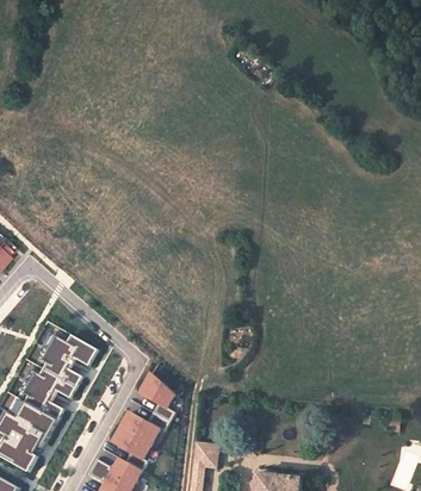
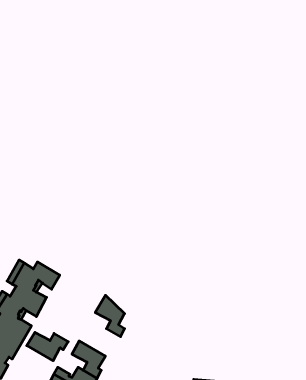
building: [120,411,169,445] -> [27,332,68,361]
building: [194,443,219,467] -> none

